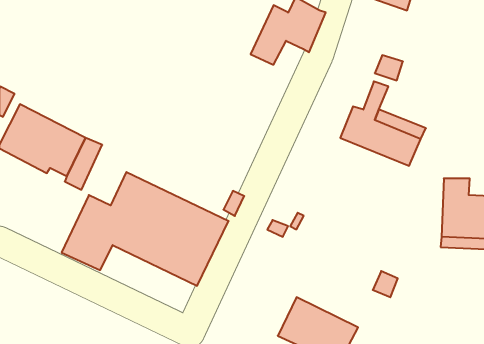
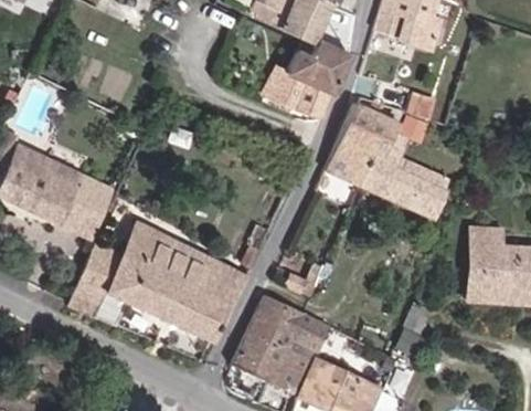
building: none -> [327,108,399,186]
building: none -> [233,296,330,396]

